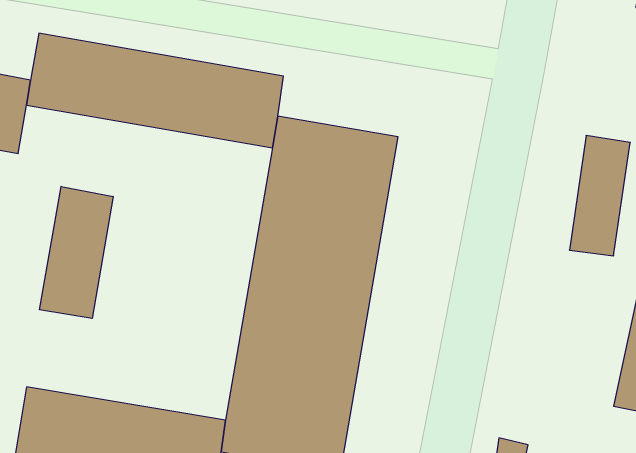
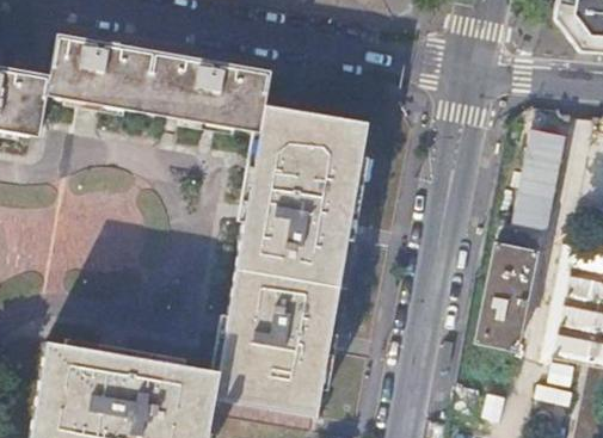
building: [40,186,113,318] -> none
building: none -> [478,243,537,348]

